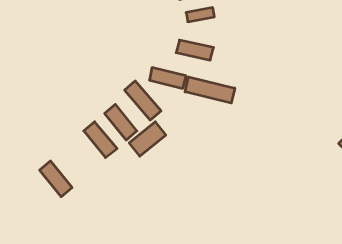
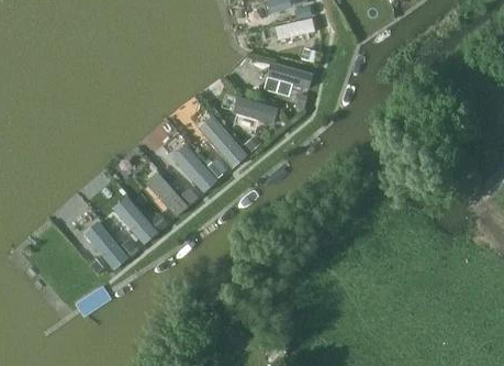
building: [185,77,235,103] -> none
building: [129,122,166,156] -> none
building: none -> [113,196,156,242]

